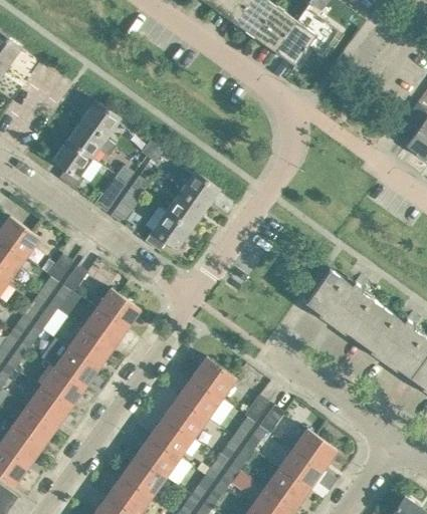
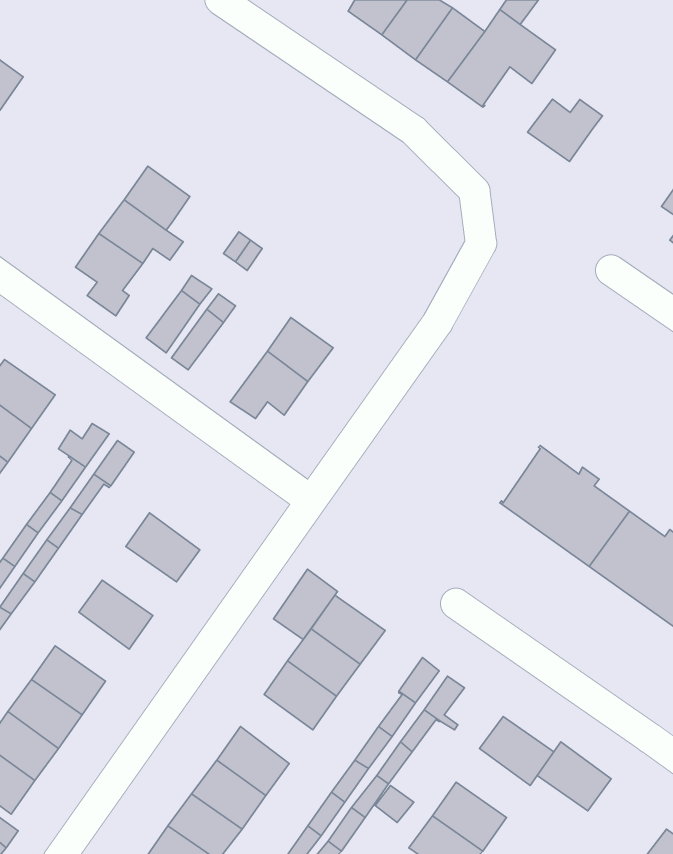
building: none -> [527,99,603,162]
building: [180,173,219,210] -> none
building: [95,289,140,330] -> none
building: [67,328,112,369] -> none
building: none -> [274,569,337,640]
building: [39,367,83,409] -> none
building: [150,417,193,458] -> none
building: [278,449,323,490] -> [537,742,611,811]

